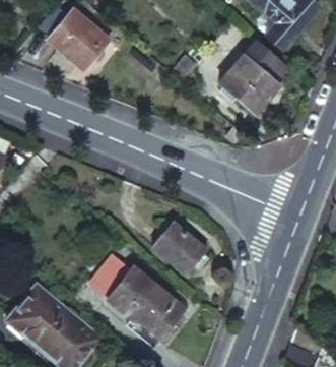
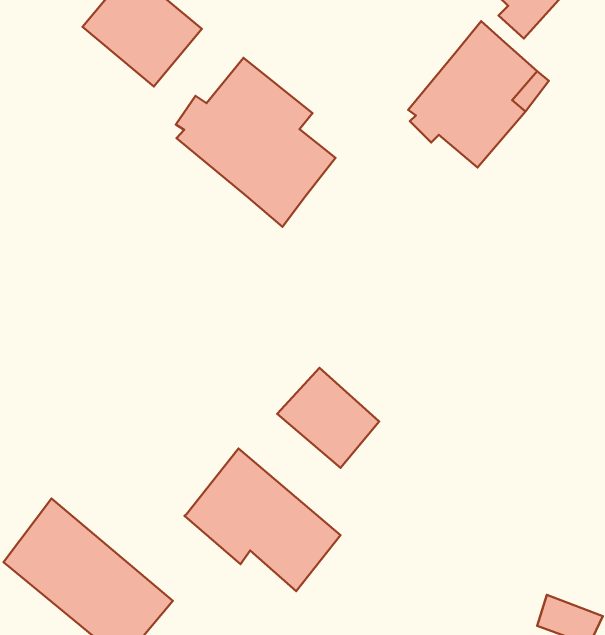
building: none -> [176,58,335,227]
building: [84,253,126,297] -> none

